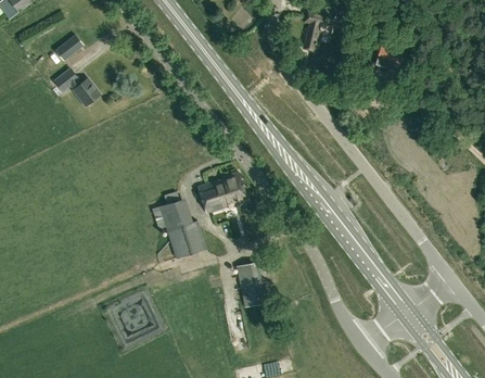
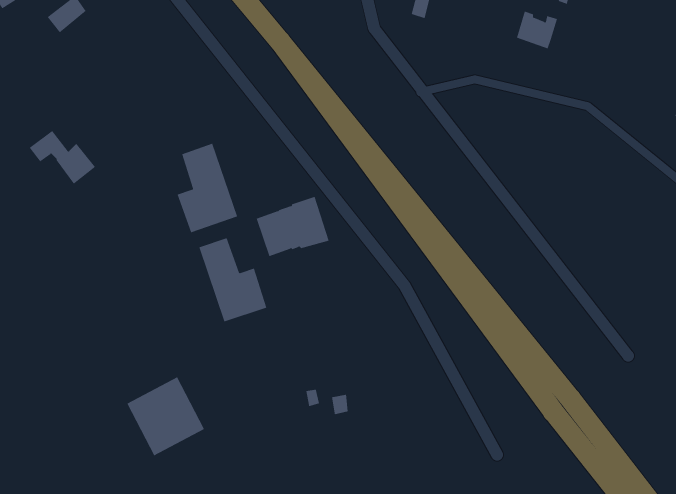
building: [55,70,101,106] -> [29,130,96,184]
building: none -> [177,143,238,233]
building: [235,261,267,306] -> none

